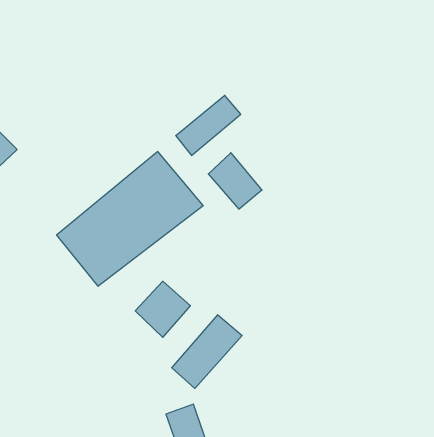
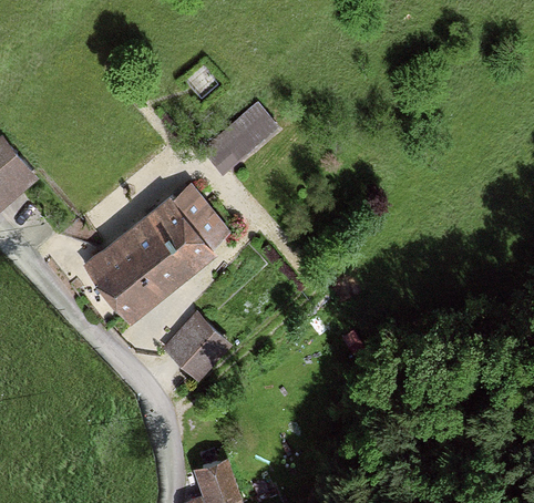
building: [208,153,262,209] -> none
building: [172,315,242,388] -> none

